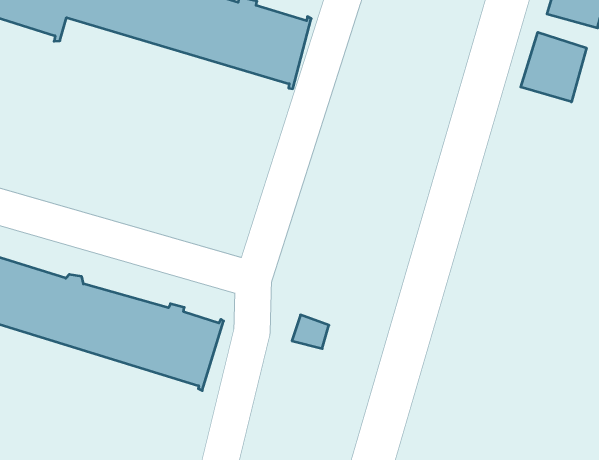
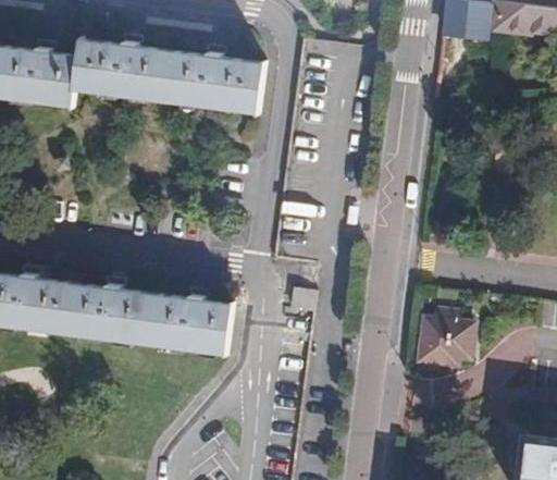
building: [521,32,586,102] -> none
building: none -> [418,309,472,365]

